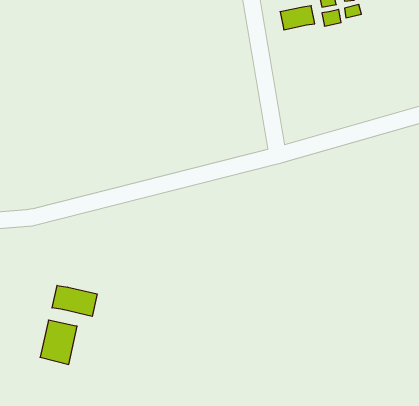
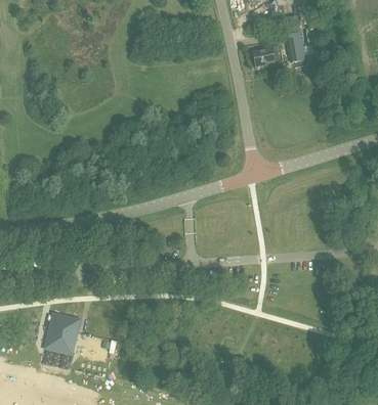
building: [52,285,97,316] -> none

